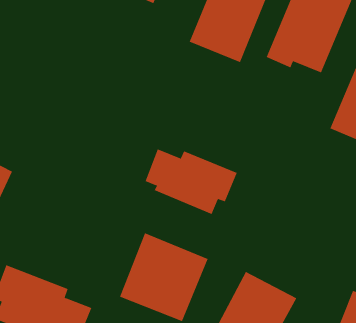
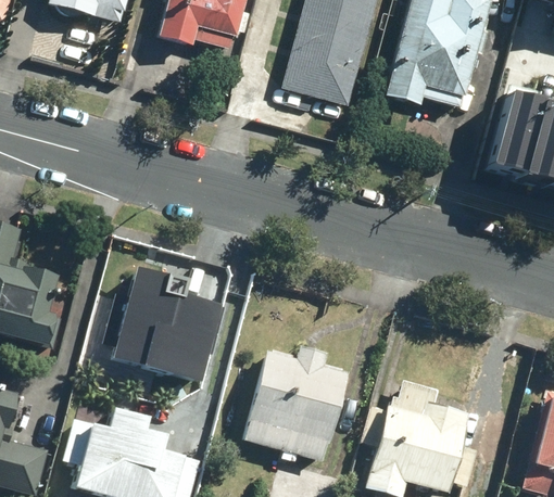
building: [145,149,237,215] -> none
building: none -> [114,269,222,381]

